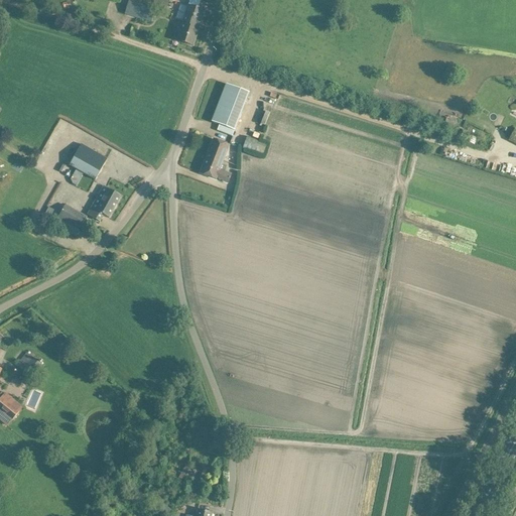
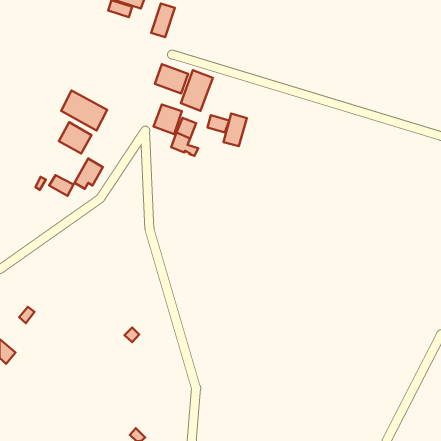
building: none -> [155,64,188,94]
building: none -> [61,90,107,130]
building: none -> [154,104,182,134]
building: none -> [223,113,247,146]

